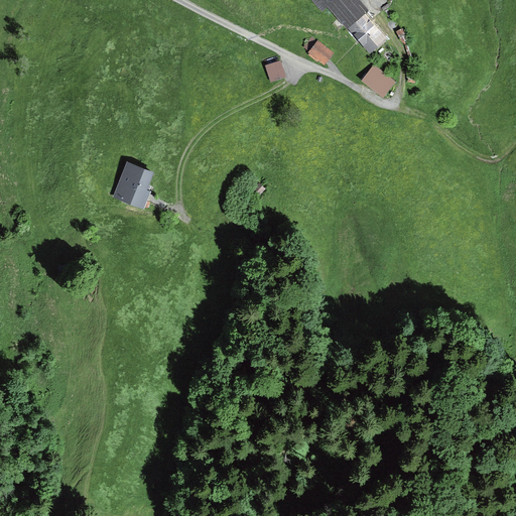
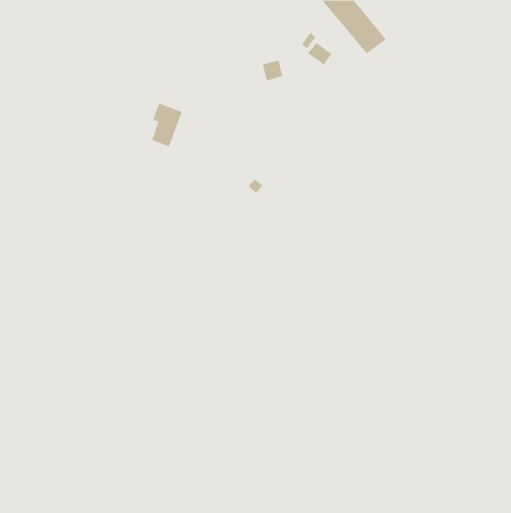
building: [363,64,394,95] -> none
building: [122,163,153,208] -> [151,103,183,147]

